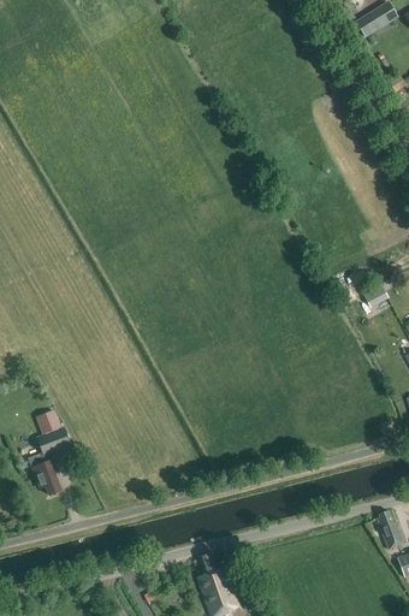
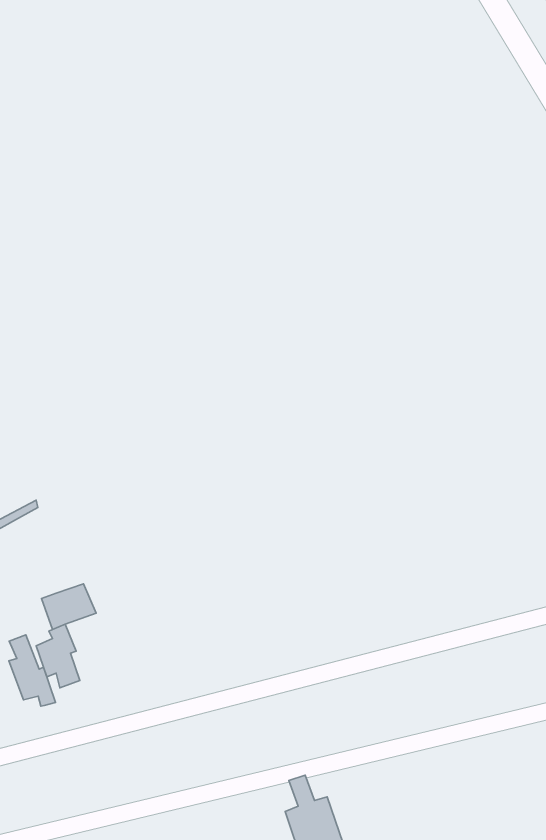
building: none -> [9,635,56,706]

